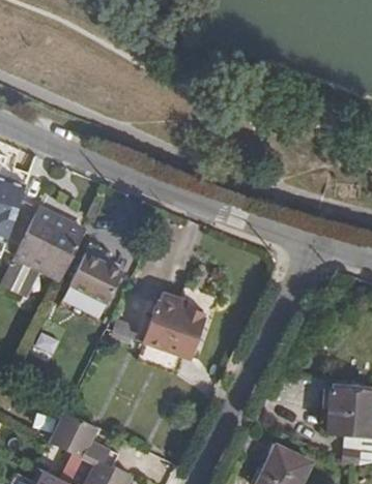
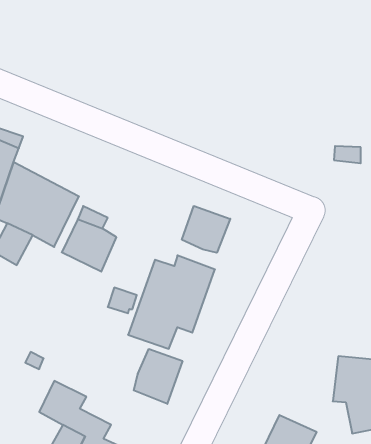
building: none -> [182,206,230,253]
building: none -> [134,349,182,404]

